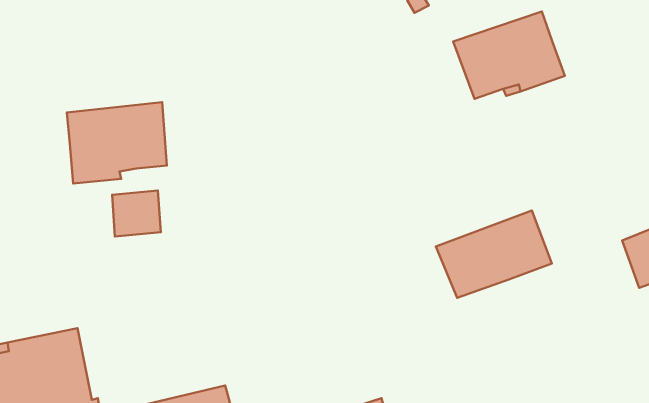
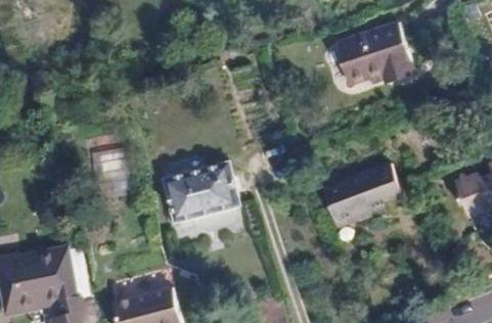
building: [67,102,167,183] -> none
building: none -> [166,162,240,221]

